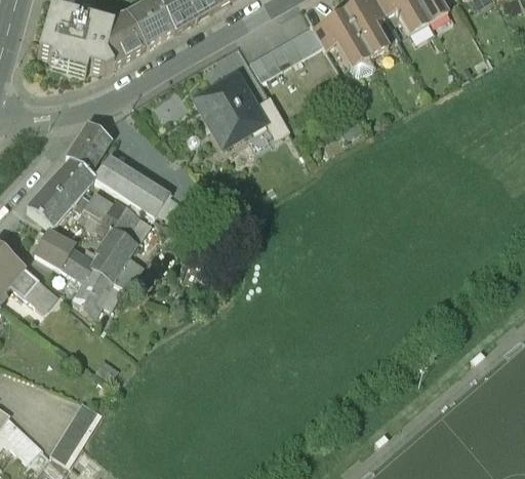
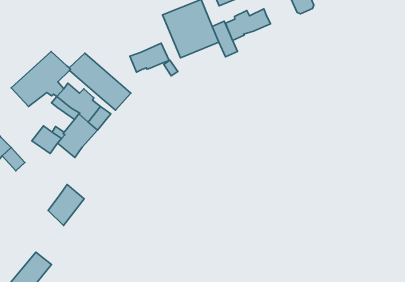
building: none -> [225,9,271,40]
building: [66,120,111,172] -> none
building: none -> [130,43,169,72]
building: [35,227,73,267] -> none
building: [73,266,114,315] -> [48,185,84,226]

